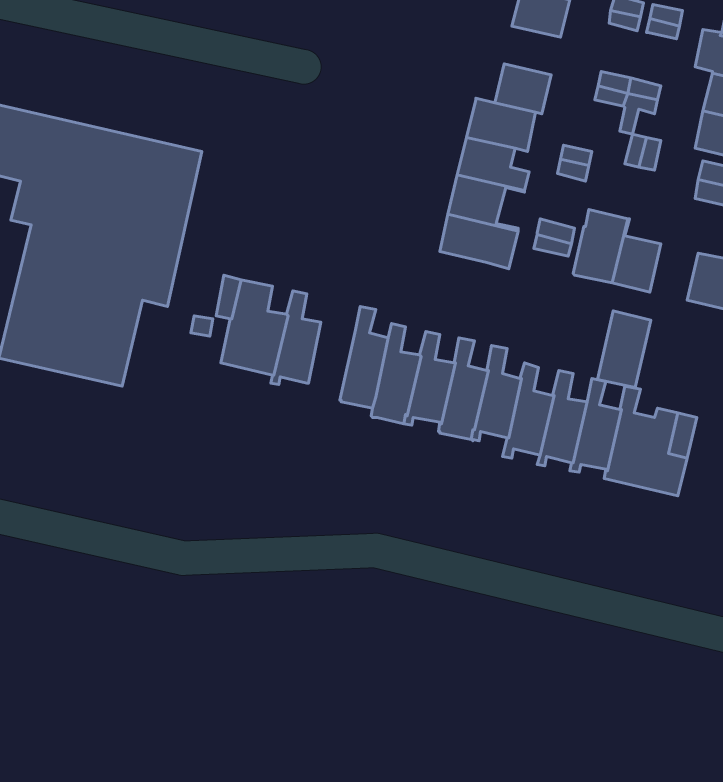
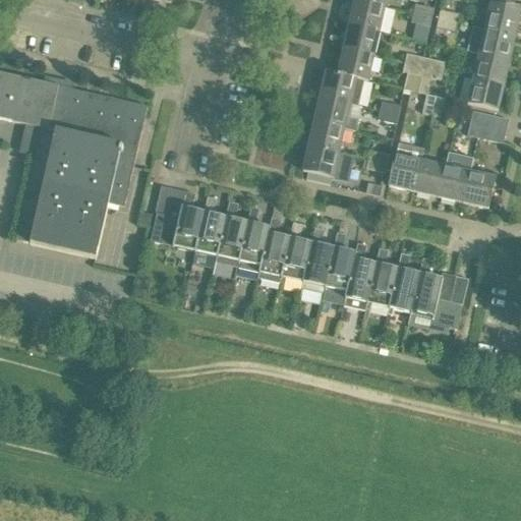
building: none -> [343,22,380,54]
building: none -> [214,199,246,266]
building: [598,311,651,387] -> [438,151,472,200]

